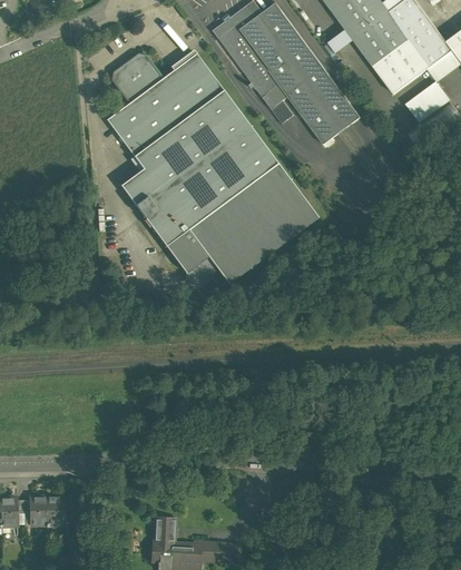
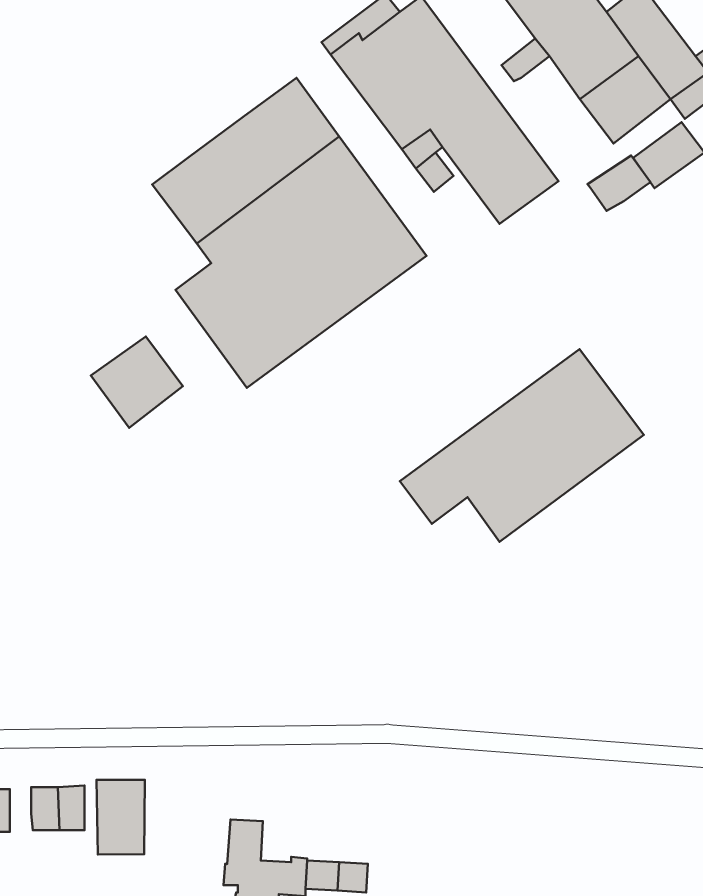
building: [110,52,163,102] -> none
building: none -> [588,155,650,211]
building: [165,164,317,284] -> [400,349,644,542]
building: none -> [91,337,183,428]
building: none -> [96,780,145,854]

